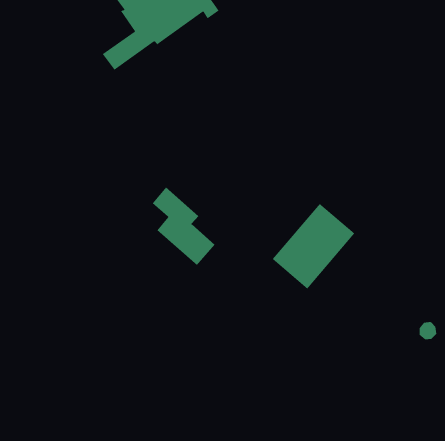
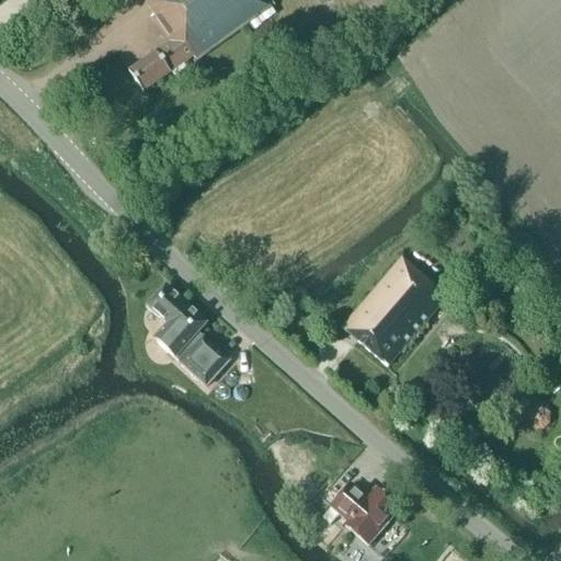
building: [152,186,216,266] -> [148,283,228,382]
building: none -> [331,481,400,542]

